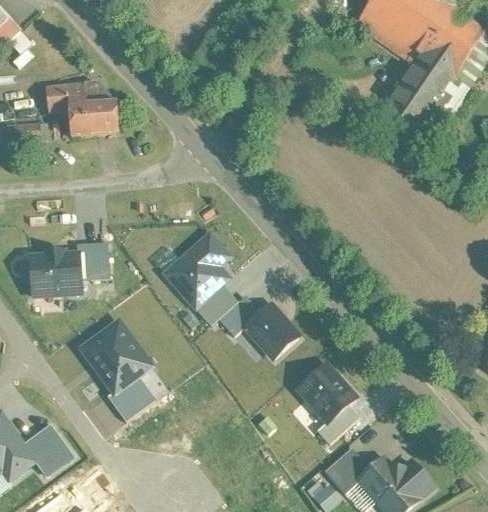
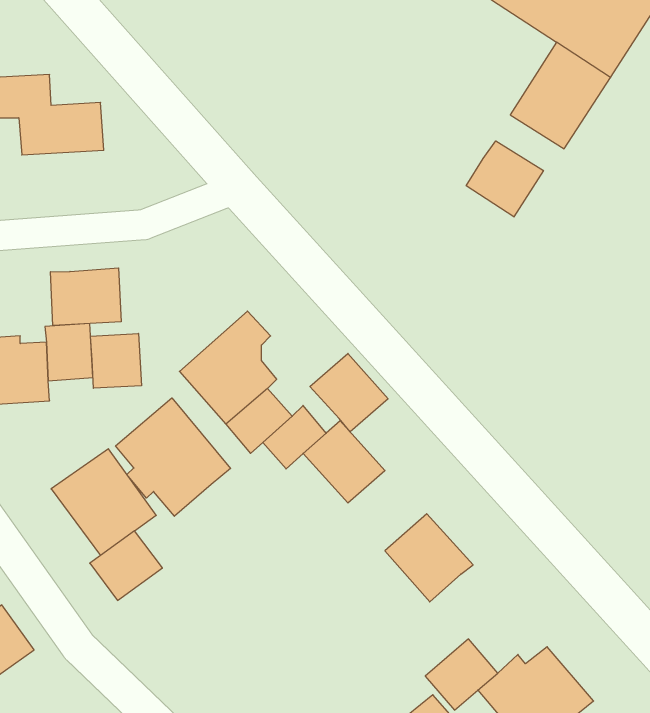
building: none -> [466,141,543,217]
building: none -> [51,268,121,326]
building: none -> [91,333,141,388]
building: none -> [310,353,388,432]
building: none -> [116,398,231,516]
building: [318,404,360,444] -> none

